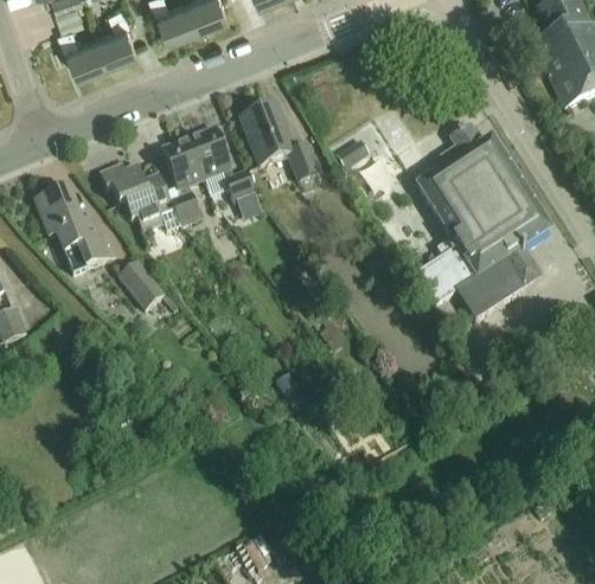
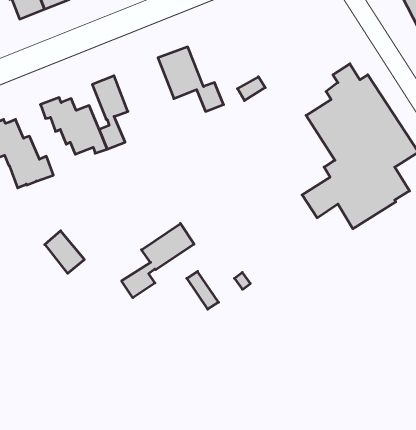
building: [190,128,258,205] -> none
building: [119,259,166,310] -> [45,231,84,273]
building: none -> [122,223,194,298]

